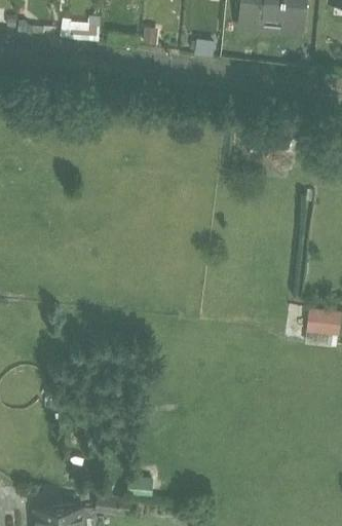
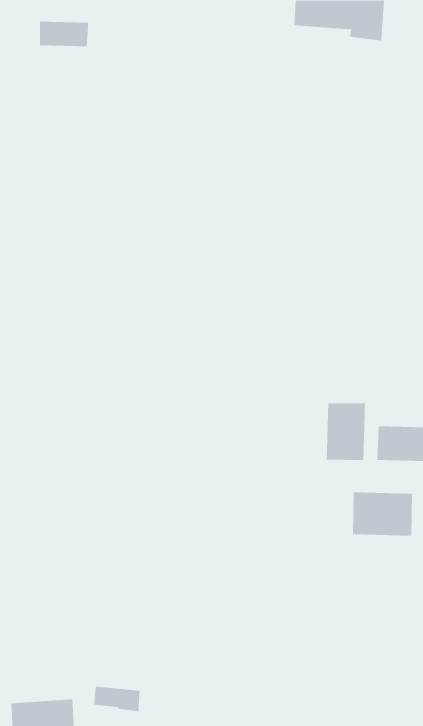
building: none -> [326,402,366,461]
building: none -> [352,491,413,537]

